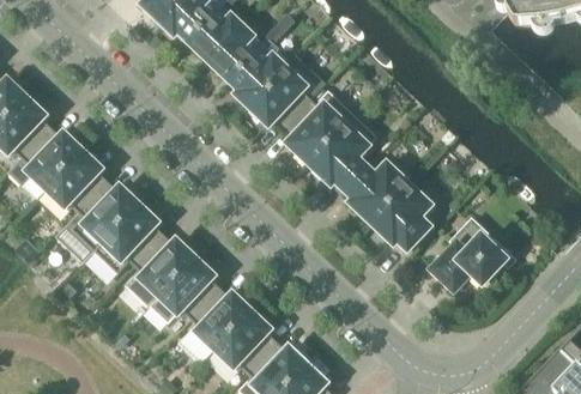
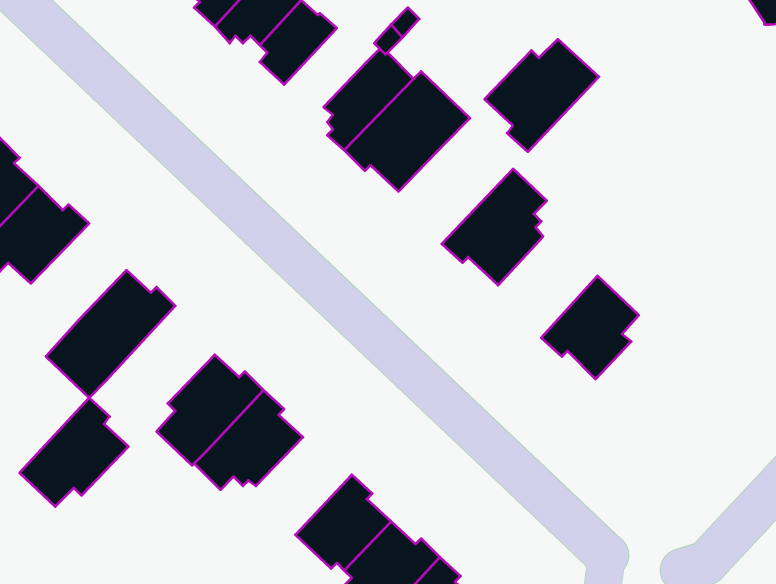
building: [208,26,261,77] -> none
building: [282,92,355,164] -> [485,39,599,152]
building: [47,151,108,212] -> none
building: [345,159,408,224] -> none
building: [95,204,164,273] -> [20,398,128,507]
building: [432,218,507,291] -> none
building: [190,287,252,350] -> none

